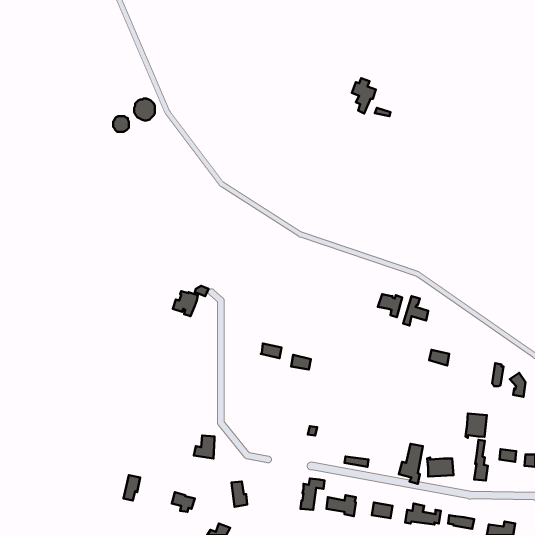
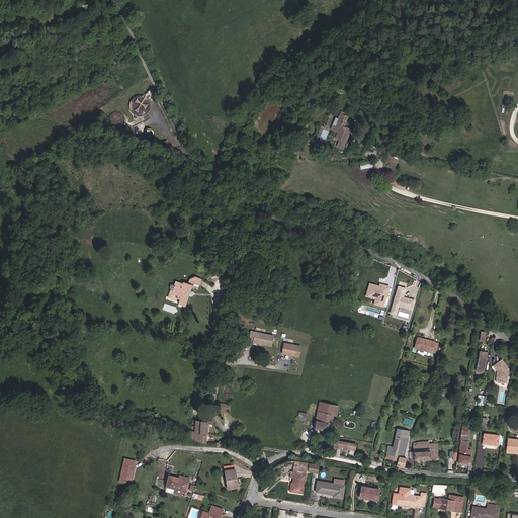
building: [352,78,376,114] -> [331,114,354,149]
building: [466,414,487,438] -> none
building: none -> [314,402,338,431]

